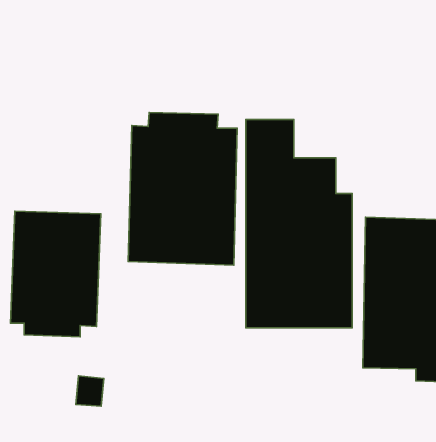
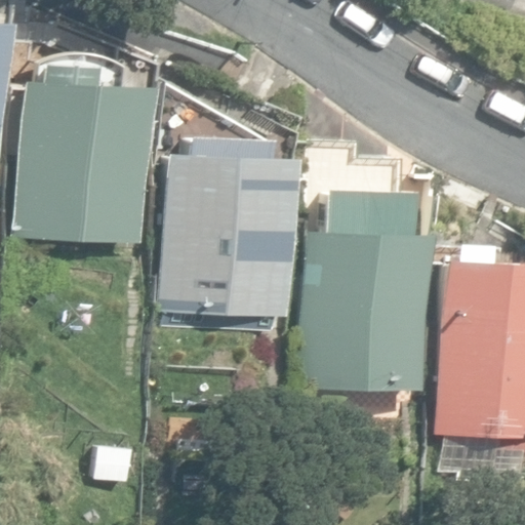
building: none -> [18,63,148,244]
building: [11,211,101,337] -> none

